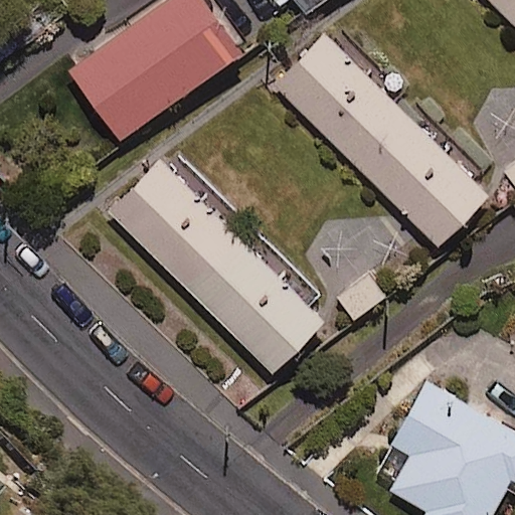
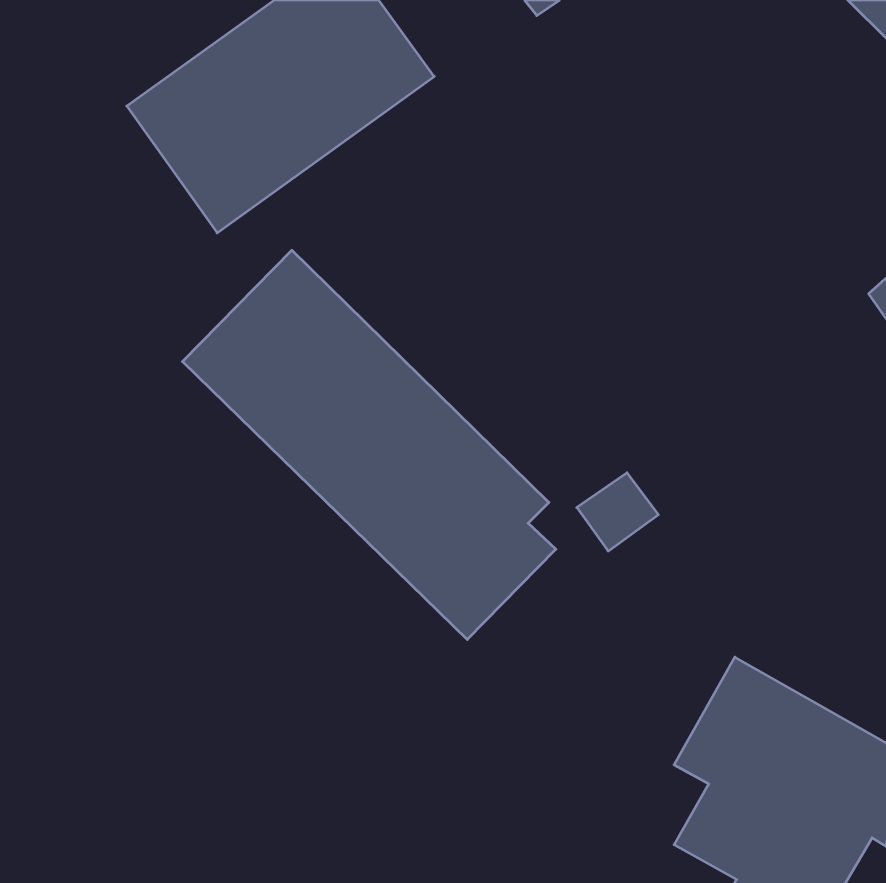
building: [275,35,487,245] -> none

